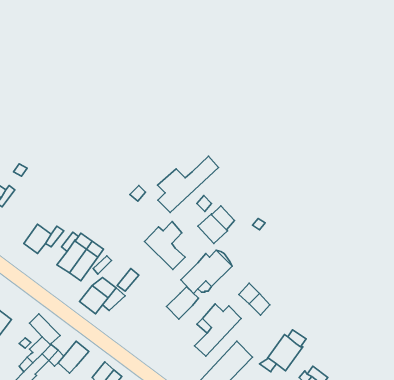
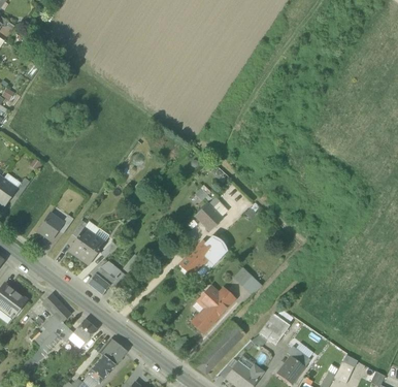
building: [157,156,218,212] -> none
building: [145,222,185,270] -> none
building: [167,287,199,319] -> none

